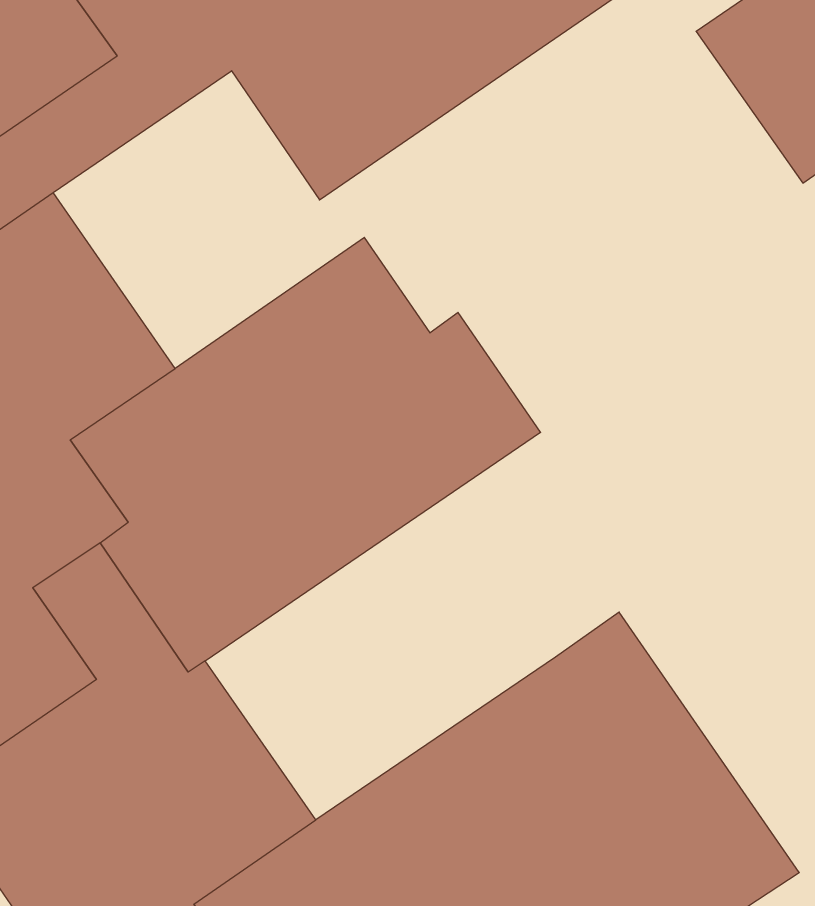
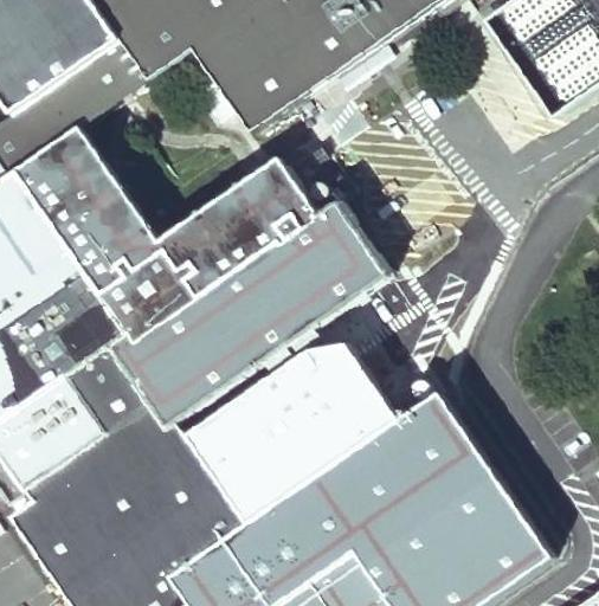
building: none -> [185,344,398,524]

